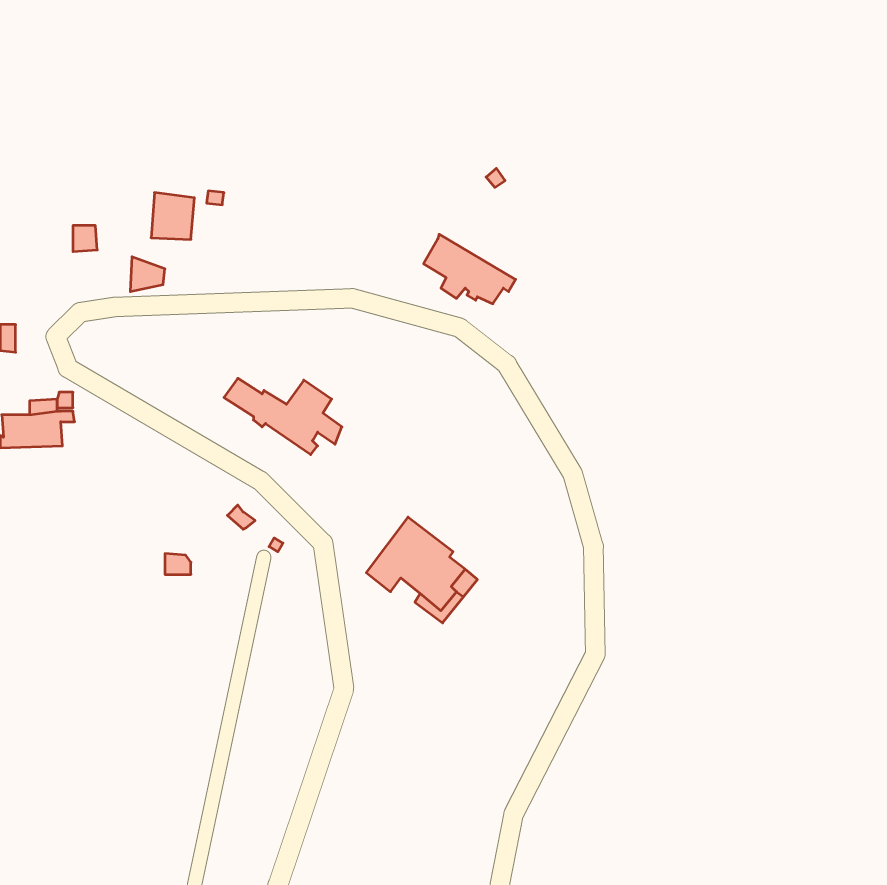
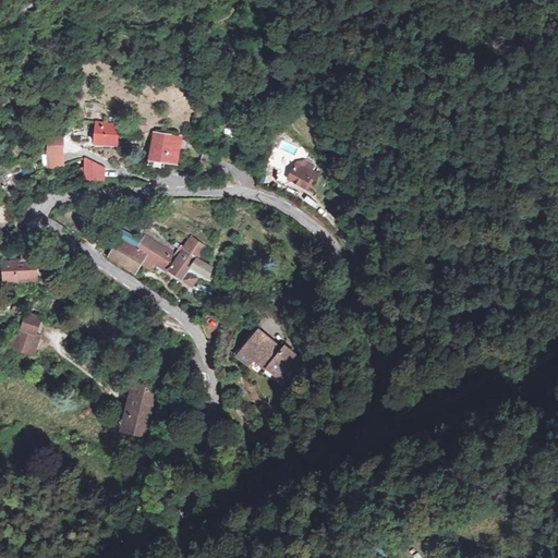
building: none -> [150,132,184,168]
building: none -> [111,238,142,270]
building: none -> [8,311,45,355]
building: none -> [112,381,154,438]

